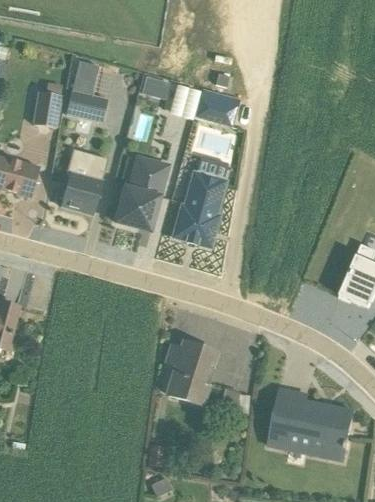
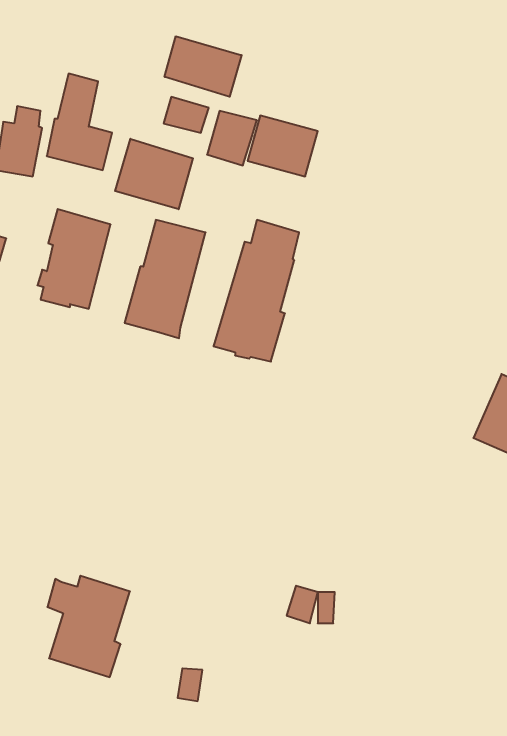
building: none -> [165,36,242,97]
building: none -> [115,139,193,209]
building: [163,342,216,407] -> [47,576,130,677]
building: [268,389,353,462] -> none

